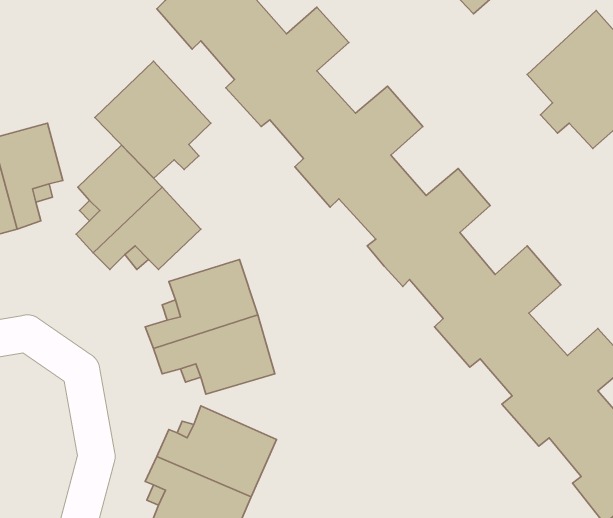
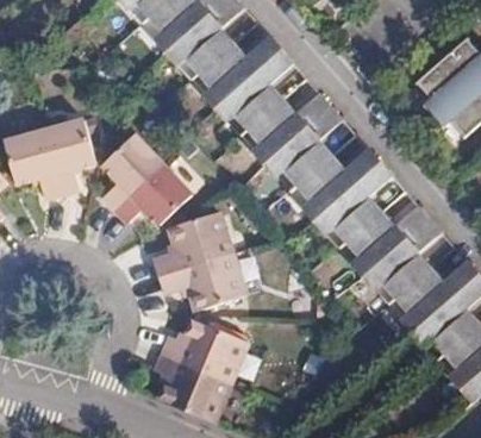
building: [95,61,211,178] -> none

